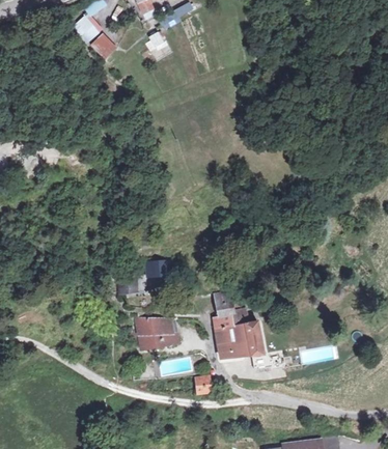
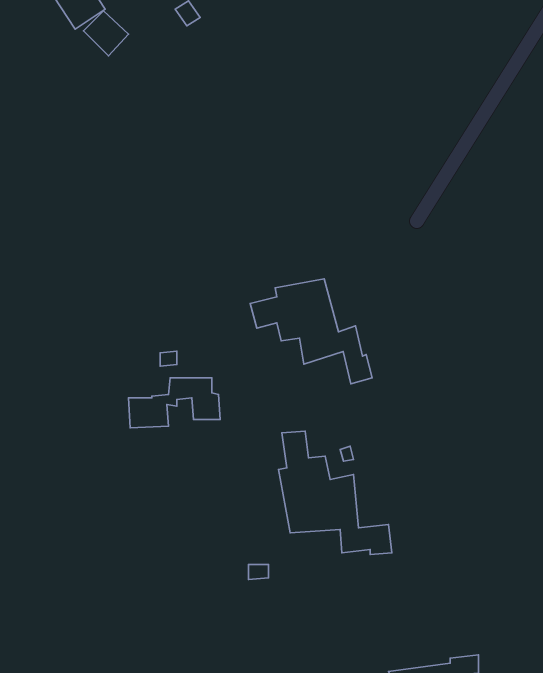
building: none -> [250,279,372,384]
building: [137,319,176,349] -> none

